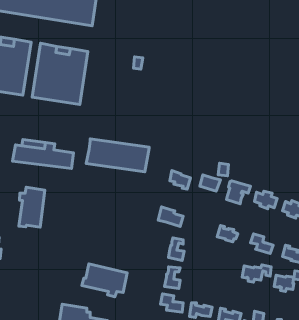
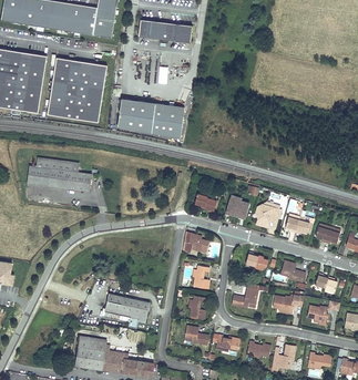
building: none -> [137,19,192,43]
building: [86,139,149,172] -> [116,99,184,134]
building: [19,187,45,227] -> none
building: none -> [231,284,268,308]

